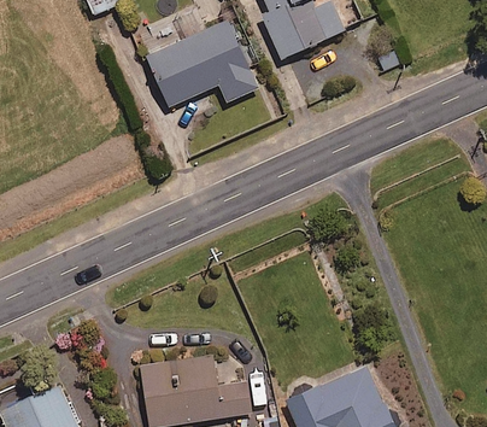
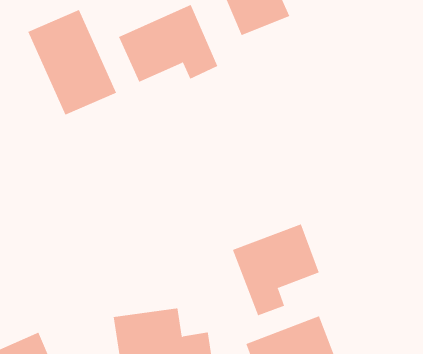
building: none -> [28,9,117,116]
building: none -> [232,223,320,316]

